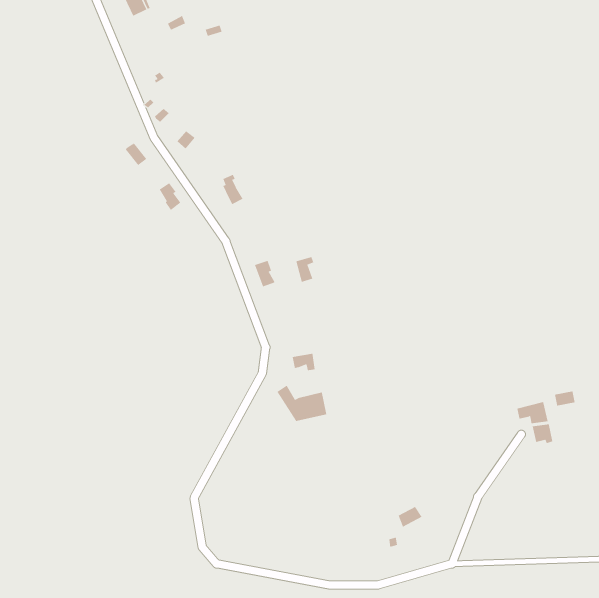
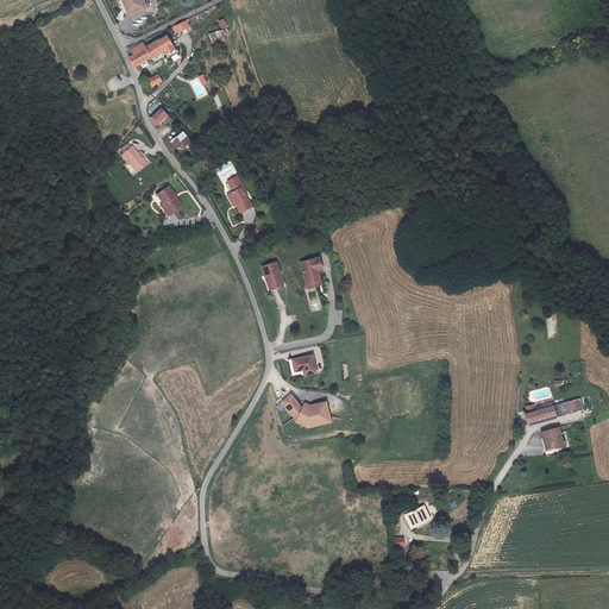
building: none -> [132,37,180,65]

